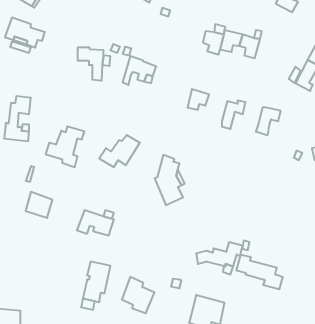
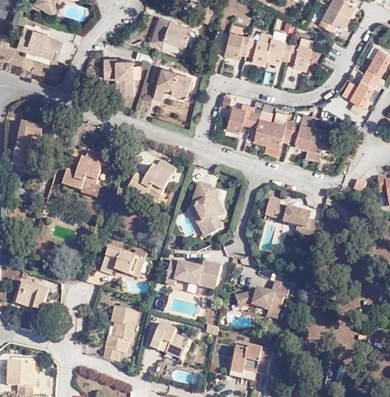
building: none -> [321,6,349,30]
building: none -> [151,17,190,46]
building: none -> [224,32,249,57]
building: none -> [249,111,274,142]
building: none -> [292,114,317,146]
building: [26,192,52,218] -> [17,278,48,308]
building: none -> [167,261,223,290]
building: [236,255,283,289] -> [263,196,317,236]

